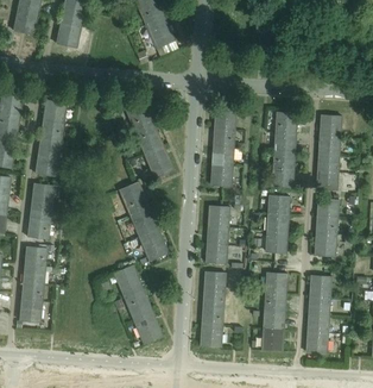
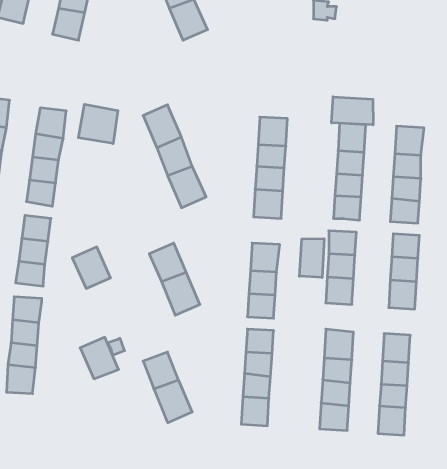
building: none -> [332,97,373,125]
building: none -> [78,104,118,144]
building: [119,181,148,213] -> [72,247,111,288]
building: none -> [299,239,324,278]
building: [114,264,144,296] -> [80,337,119,379]

